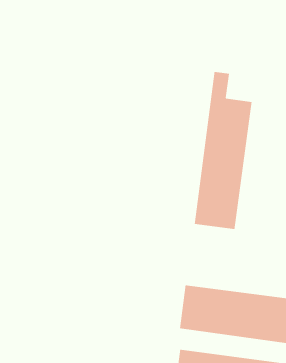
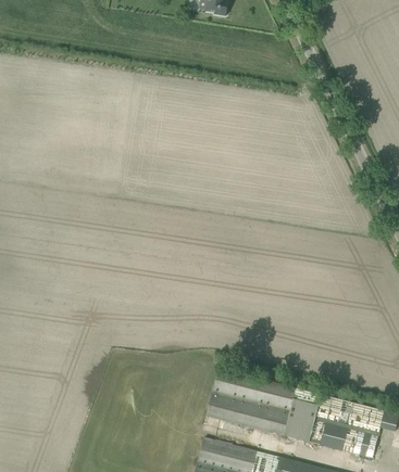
building: [194,71,252,230] -> none

